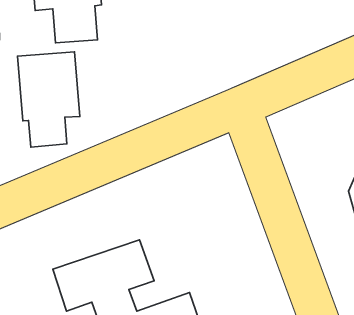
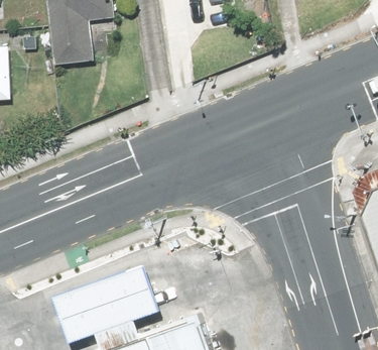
building: [17,52,80,147] -> none

